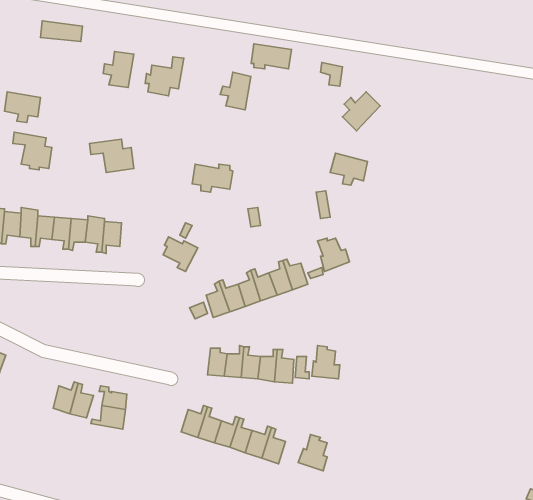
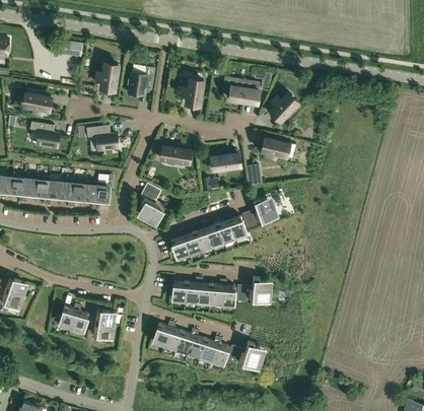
building: [251,44,291,69] -> [229,86,259,105]
building: none -> [211,152,240,173]

